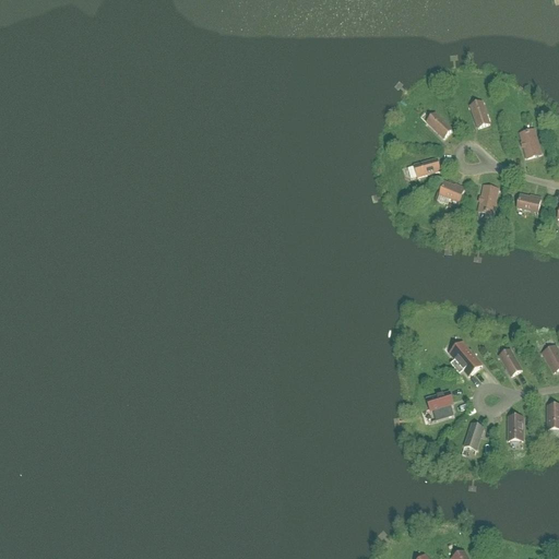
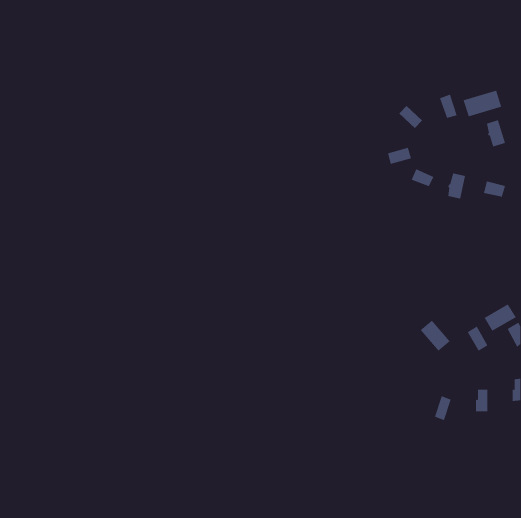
building: none -> [463,90,502,117]
building: none -> [484,303,516,332]
building: [426,391,453,421] -> none

